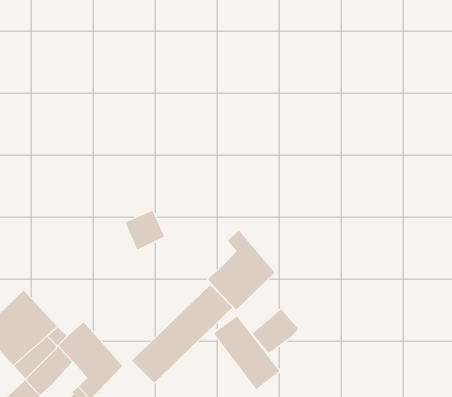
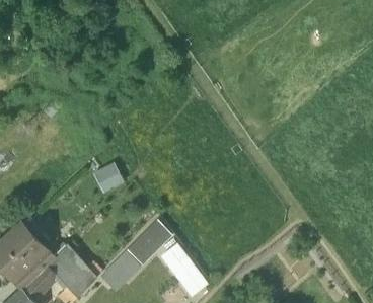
building: [207,229,276,311] -> none
building: [251,308,299,354] -> none

